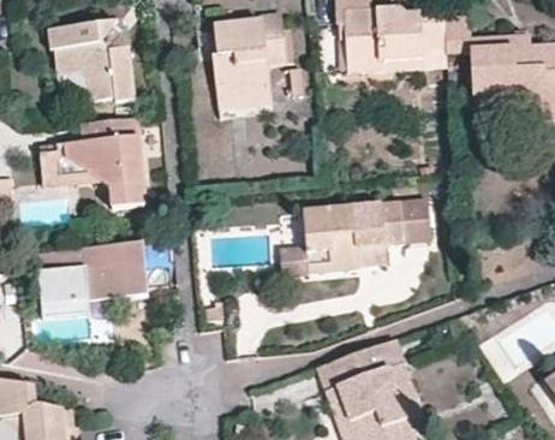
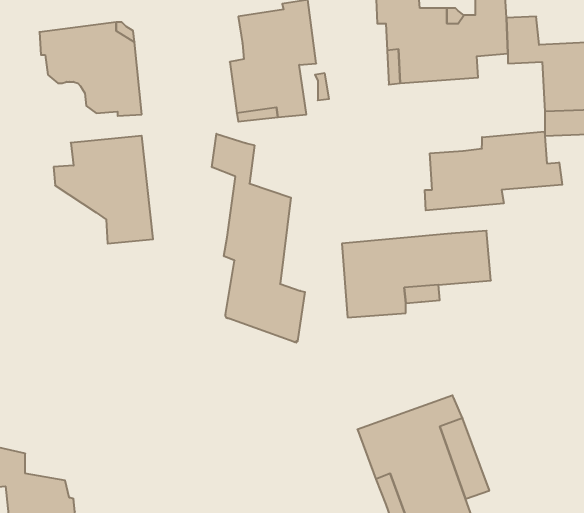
building: none -> [425,132,562,210]
building: none -> [212,134,305,343]
building: [35,143,96,188] -> none
building: [35,240,169,320] -> none

